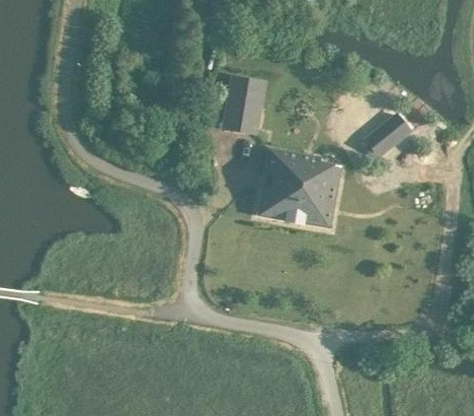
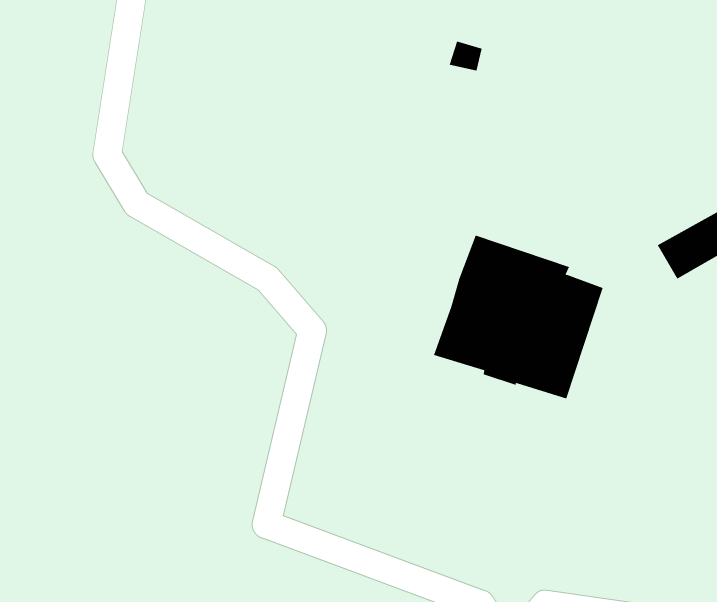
building: [224,76,261,133] -> none

